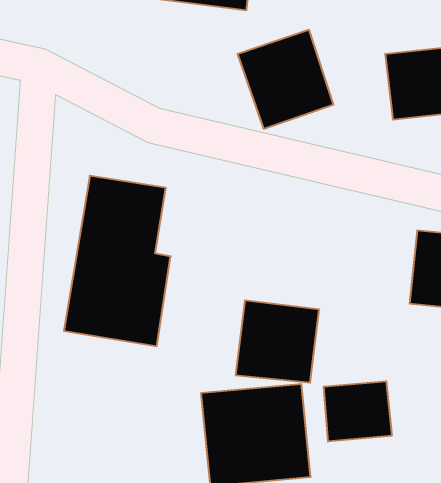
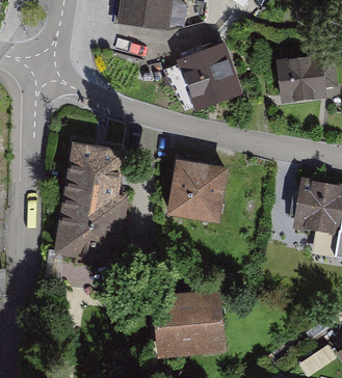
building: [236,301,319,383] -> [169,162,227,218]
building: [324,381,392,442] -> none

